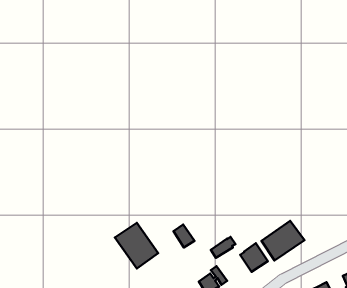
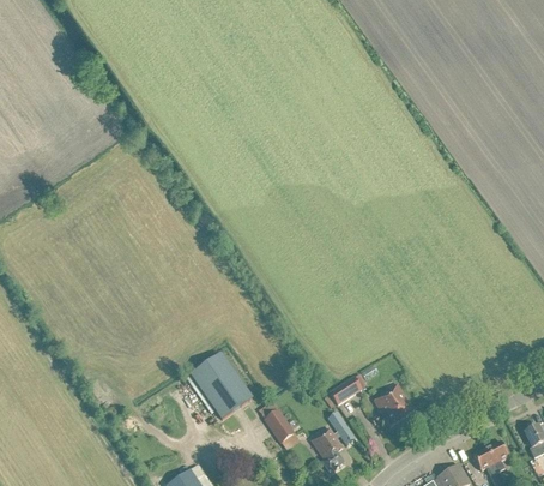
building: [262,221,304,260] -> none
building: [173,225,195,247] -> [265,408,296,442]

